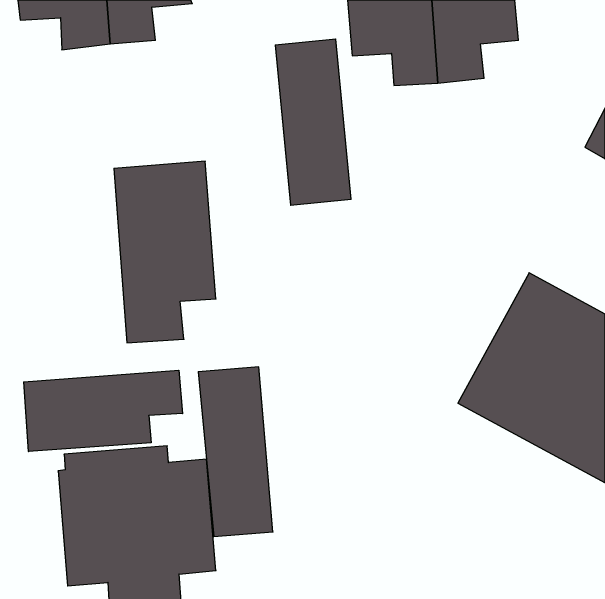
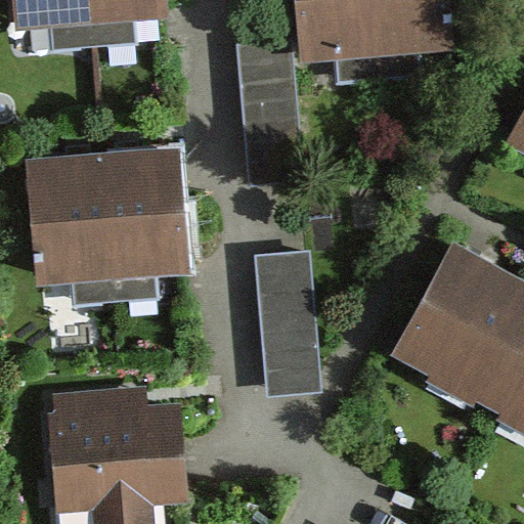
building: none -> [27,151,110,305]
building: [198,367,273,537] -> [255,254,319,400]
building: [24,370,183,452] -> none

